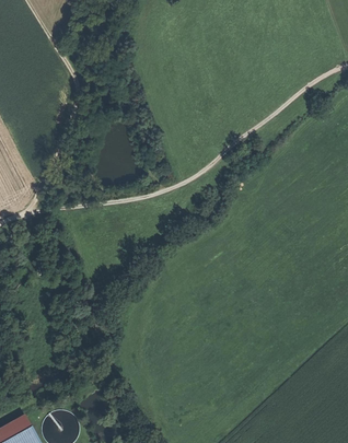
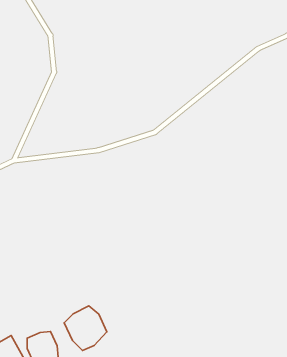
building: none -> [64,306,107,351]

